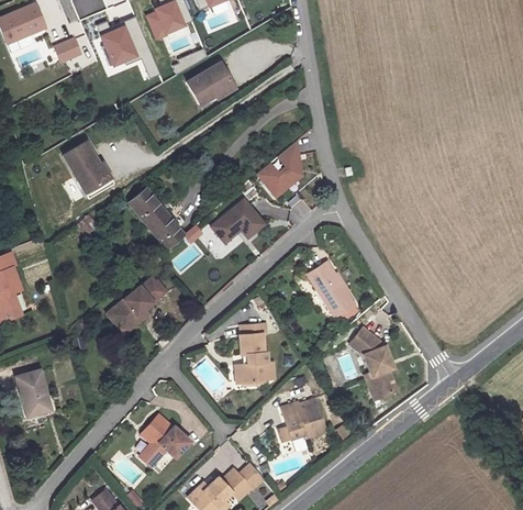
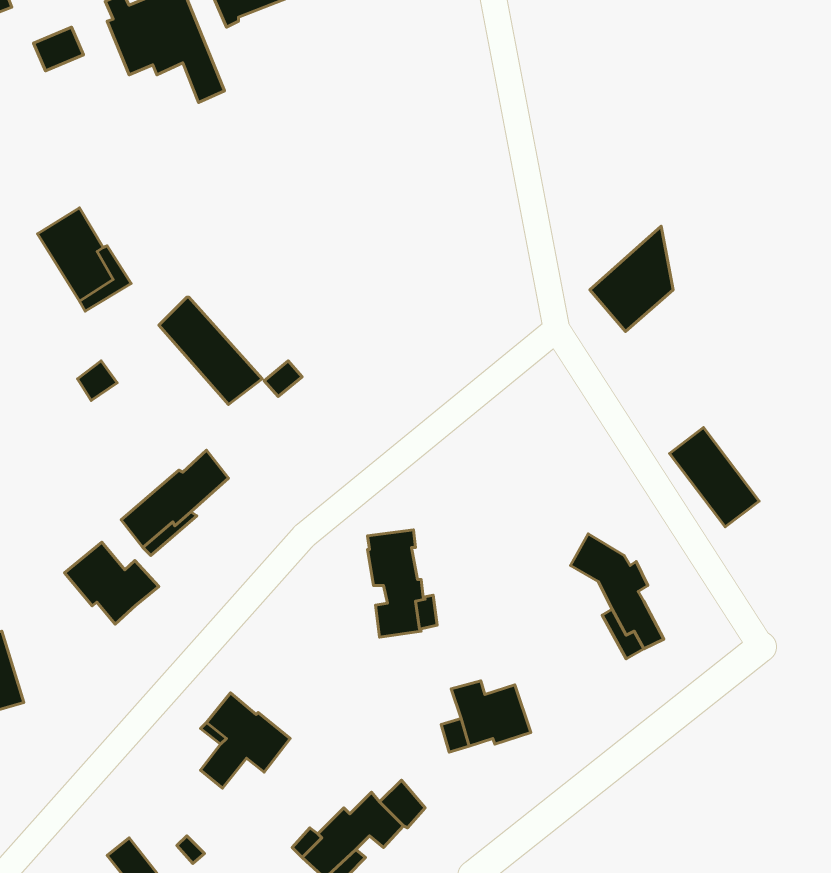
building: [181,62,231,106] -> none
building: [257,142,303,200] -> [590,226,673,331]
building: [207,199,262,243] -> none
building: [309,262,358,317] -> [670,428,759,527]
building: none -> [64,542,159,624]

